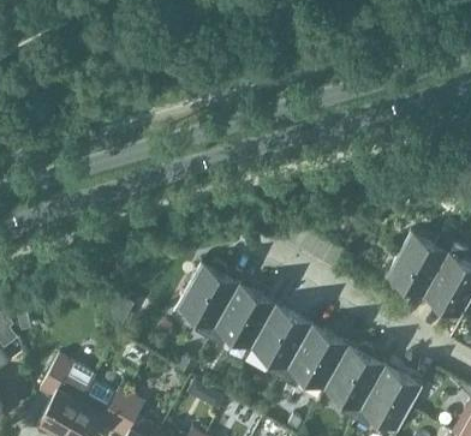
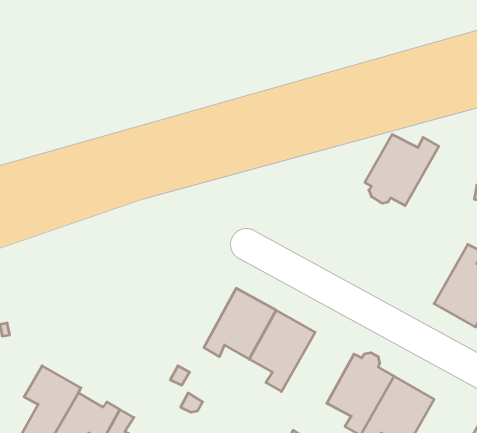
building: [386,233,454,299] -> [365,135,439,206]
building: [177,261,239,340] -> none
building: [281,325,348,392] -> none

